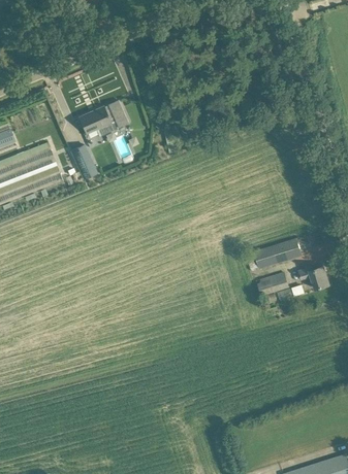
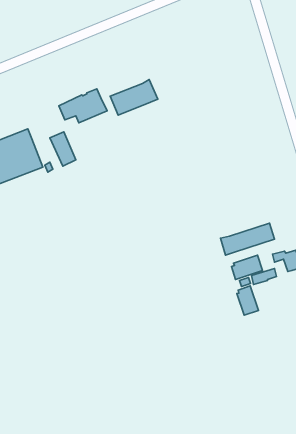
building: none -> [110,80,158,115]
building: none -> [237,286,258,315]

